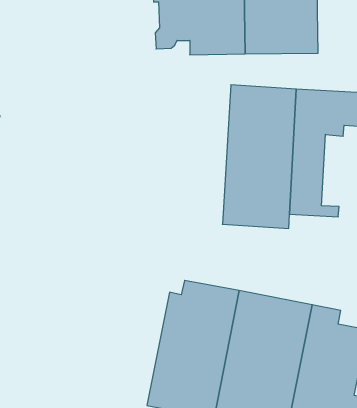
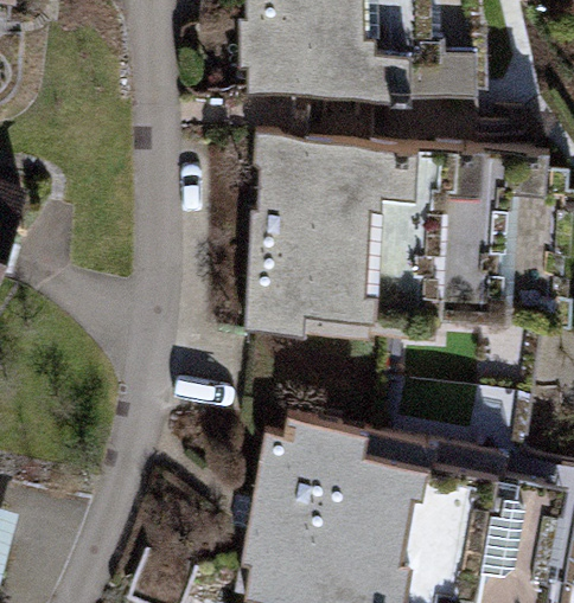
building: none -> [238,135,347,338]

